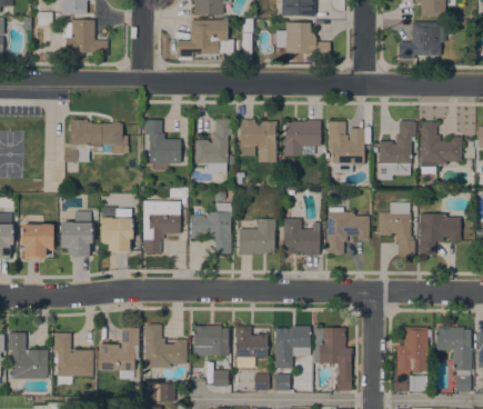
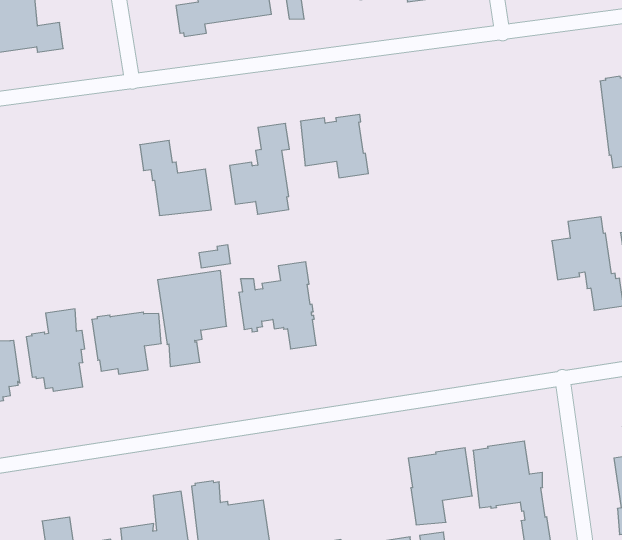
building: [64,118,128,161] -> none
building: [284,119,321,156] -> none
building: [329,120,366,172] -> none
building: [379,120,416,179] -> none
building: [326,207,369,255] -> none
building: [239,218,275,253] -> none
building: [283,218,320,255] -> none
building: [193,325,229,355] -> none
building: [234,326,268,357] -> none

